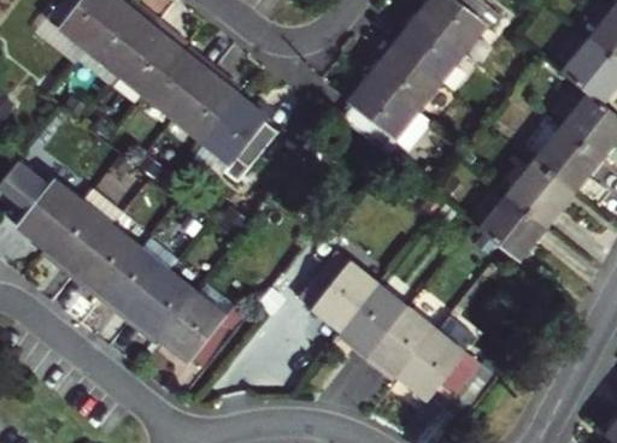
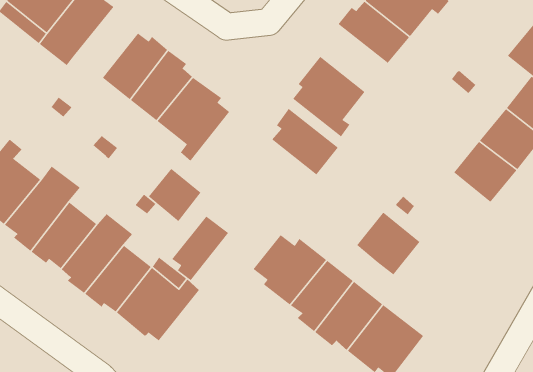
building: [118,23,183,96] -> none
building: [371,41,441,111] -> [271,108,339,176]
building: none -> [148,168,202,222]
building: [481,194,547,260] -> [356,211,420,276]
building: none -> [171,215,229,281]

